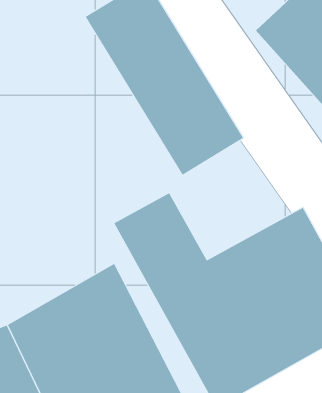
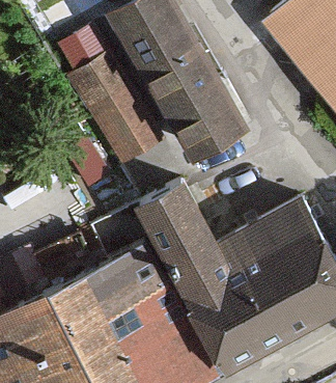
building: none -> [43,9,167,153]

